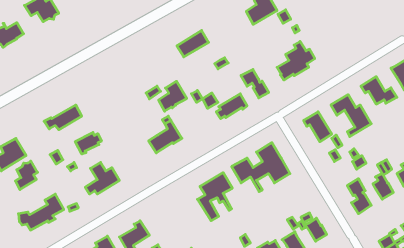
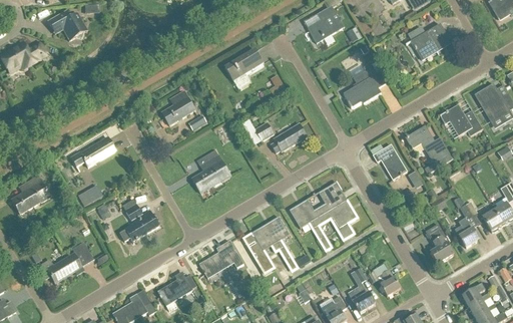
building: none -> [410,23,452,60]
building: [241,69,269,98] -> none
building: [159,81,187,111] -> [161,90,194,125]
building: [75,132,101,154] -> none
building: [15,161,38,190] -> none
building: none -> [198,241,243,279]

